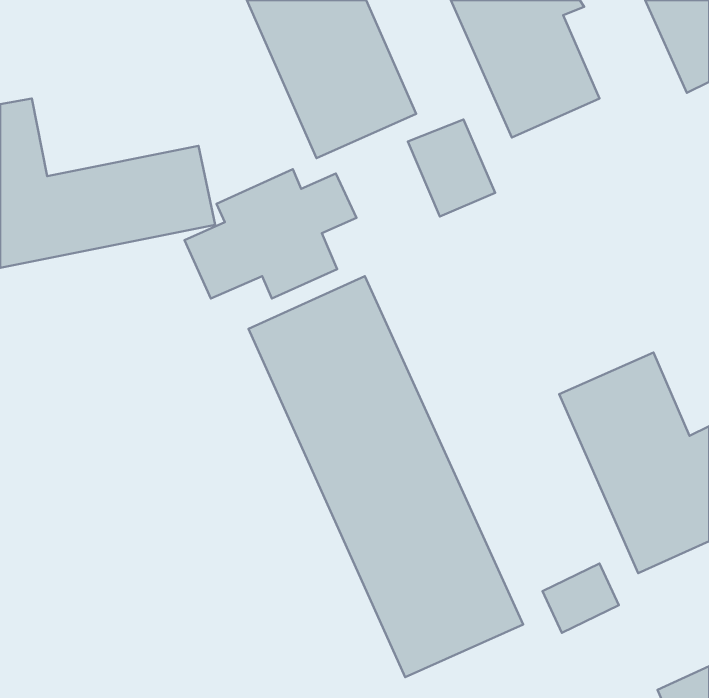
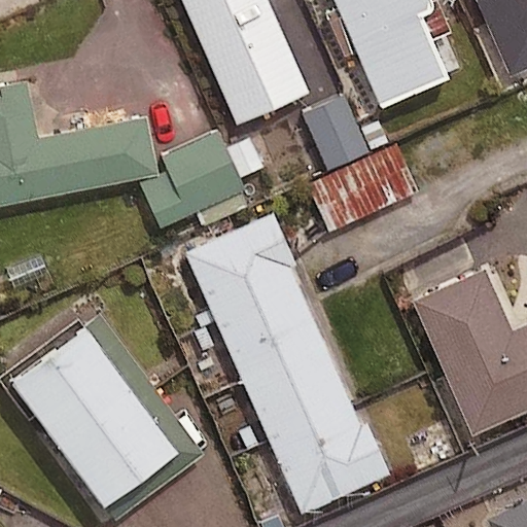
building: none -> [308,147,415,232]
building: none -> [10,318,177,496]

